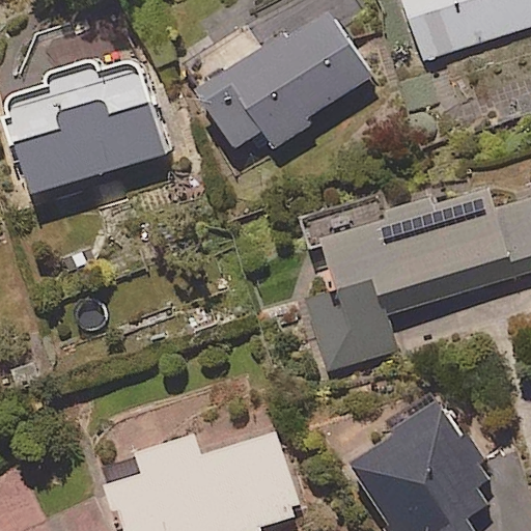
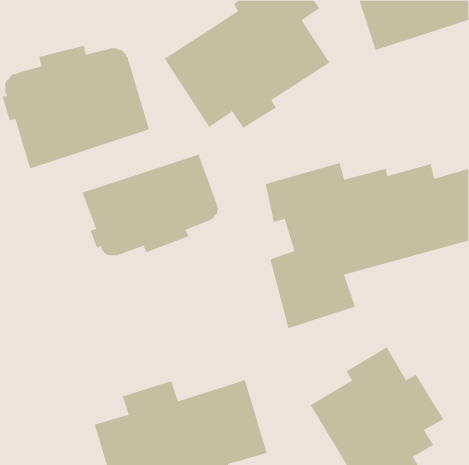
building: none -> [82,154,219,256]

